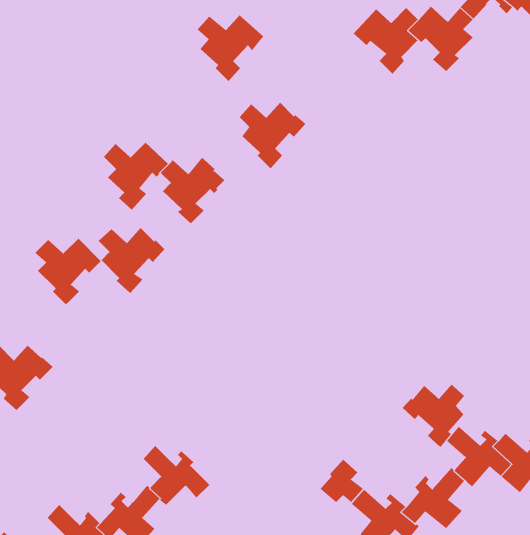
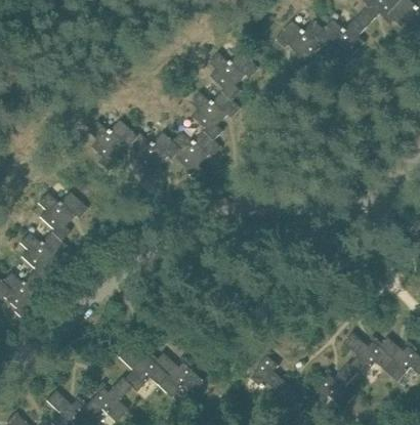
building: [197,15,264,82] -> [207,49,257,99]
building: none -> [171,129,221,179]
building: [98,227,165,293] -> [18,230,69,280]
building: [402,384,465,448] -> none
building: none -> [154,351,203,396]

